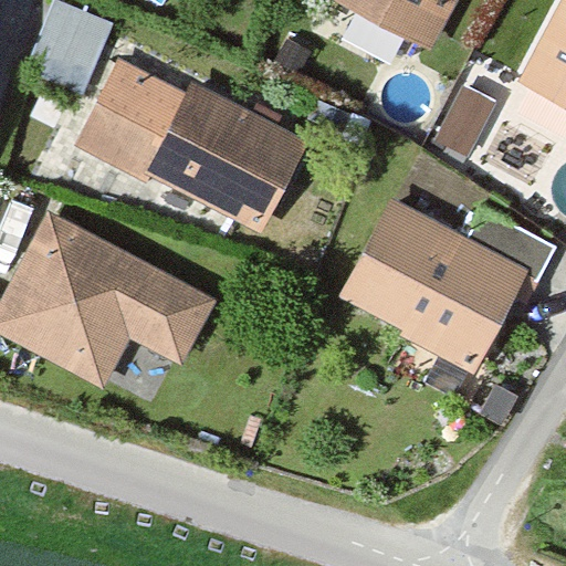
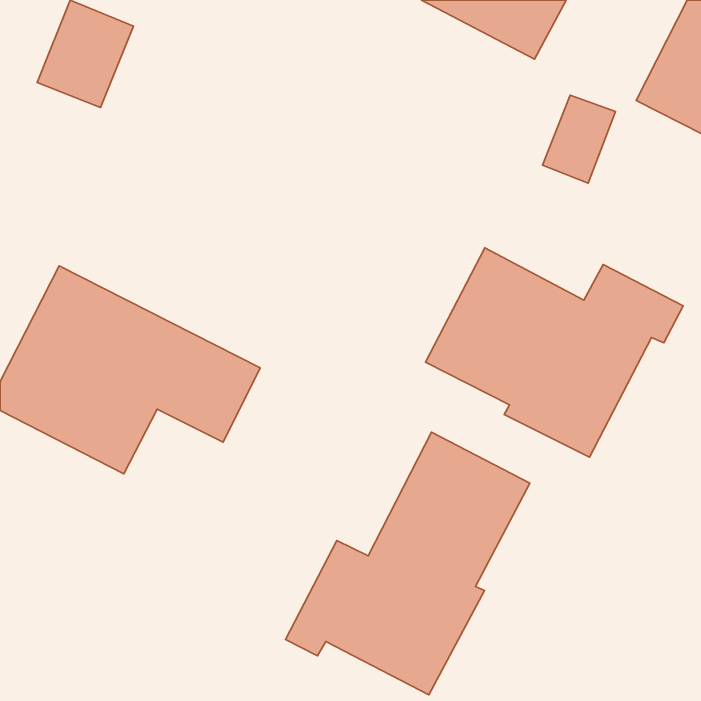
building: [80,61,305,228] -> none
building: none -> [285,432,530,695]

